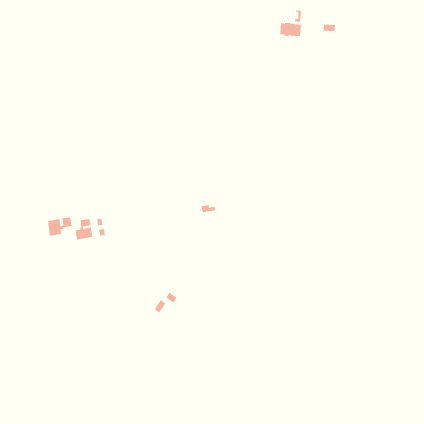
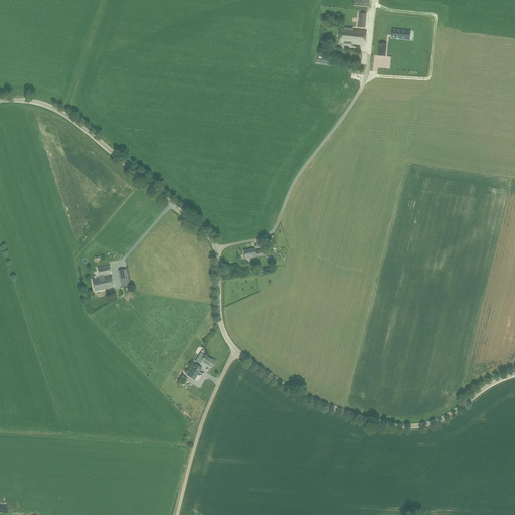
building: [47,217,72,237] -> none

